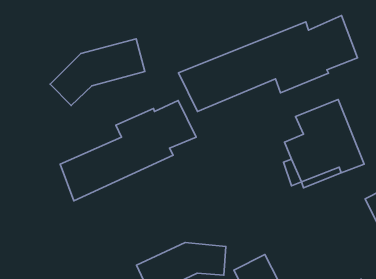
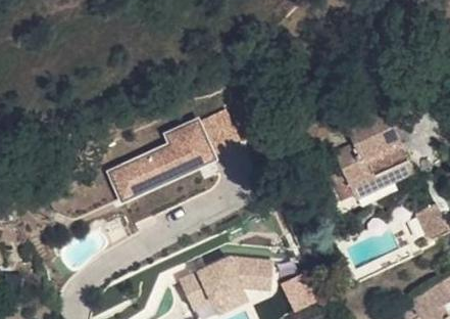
building: [178,16,357,112] -> none
building: [50,39,145,105] -> none

